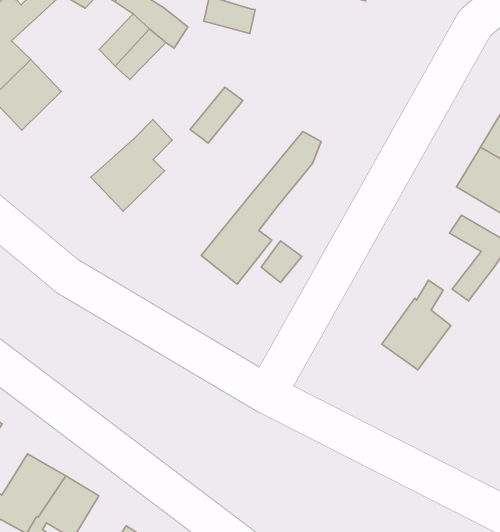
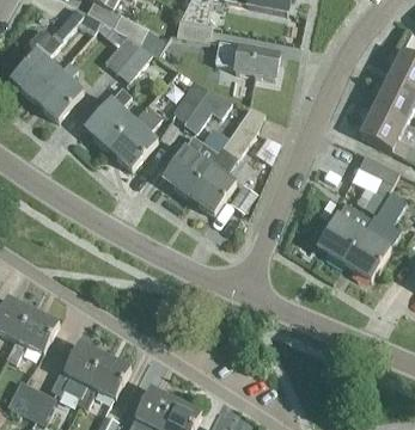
building: none -> [214,42,279,76]
building: none -> [84,87,134,148]
building: none -> [183,87,232,134]
building: none -> [161,136,216,196]
building: none -> [342,214,390,280]

